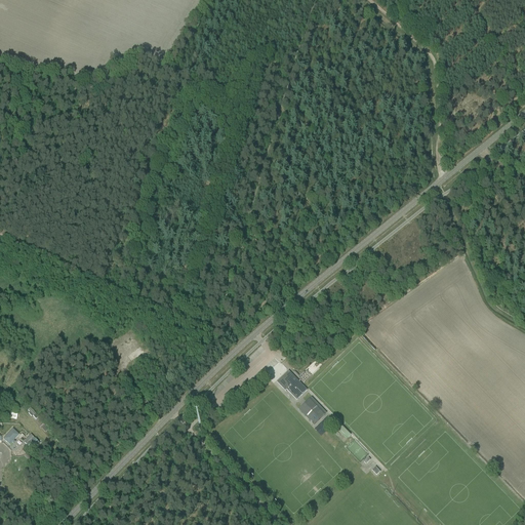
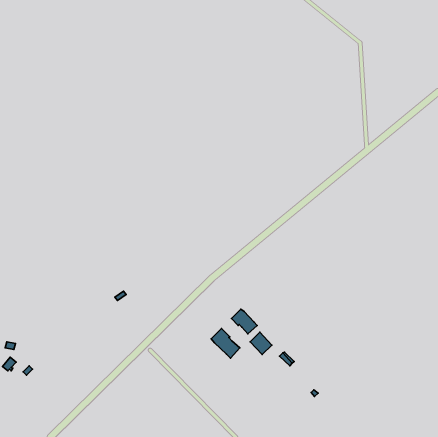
building: none -> [211,329,240,358]

